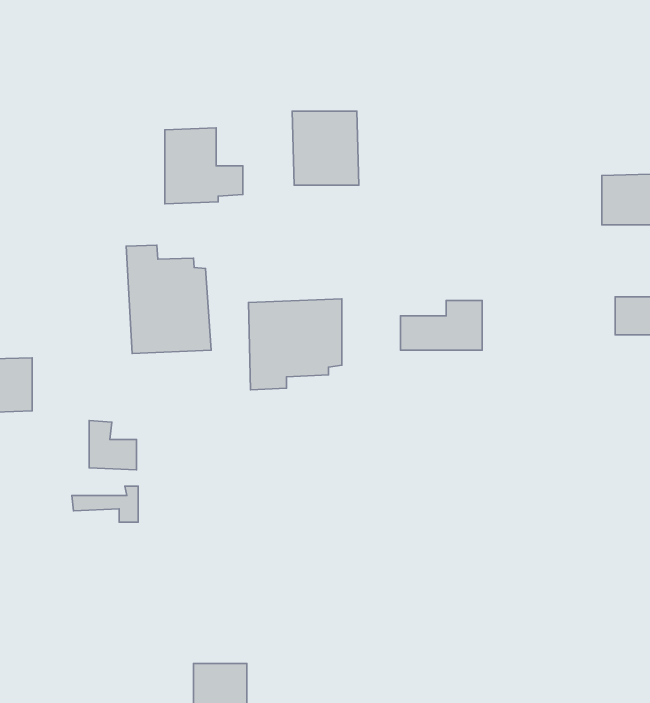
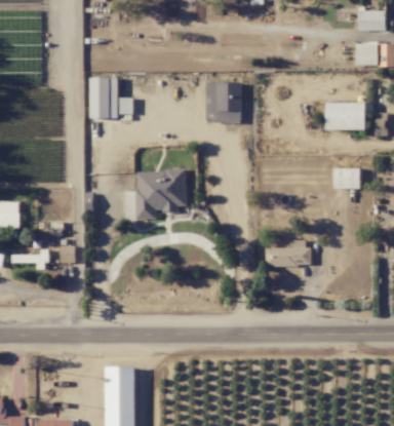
building: [292,111,359,185] -> [205,82,241,122]
building: [126,245,211,353] -> none
building: [400,301,482,350] -> [265,239,309,266]
building: [72,486,138,522] -> [11,249,47,269]

